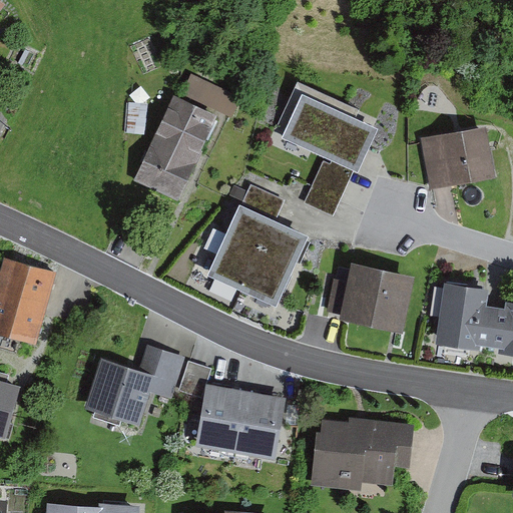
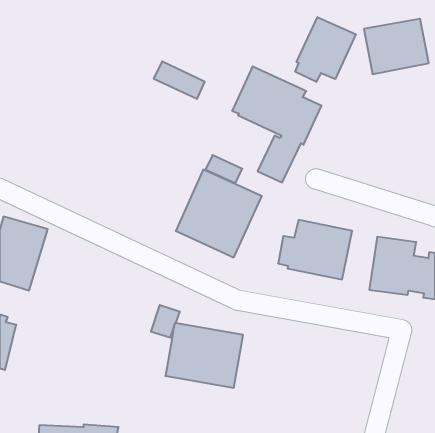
building: none -> [295,17,356,82]
building: [132,96,217,203] -> none
building: [419,126,495,191] -> [364,19,429,74]
building: [83,347,184,428] -> none
building: [310,417,413,491] -> none

